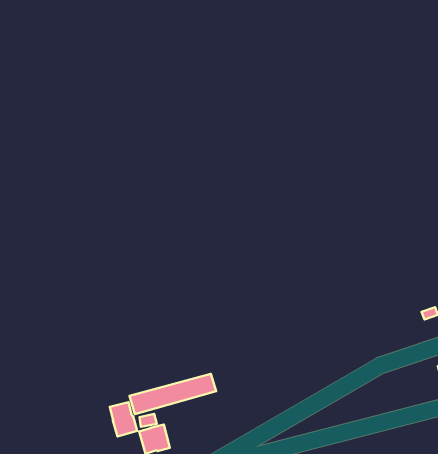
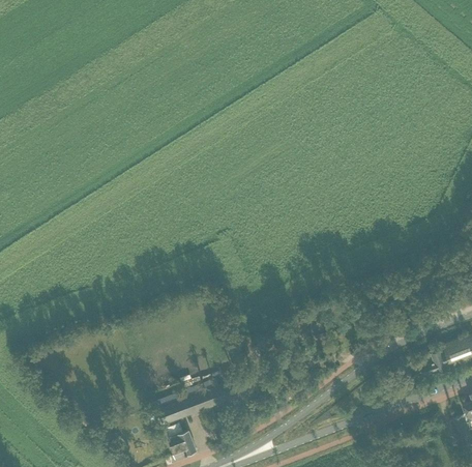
building: [110,402,137,436] -> none

